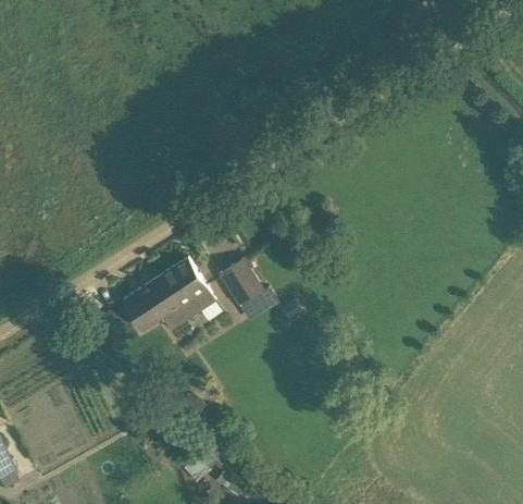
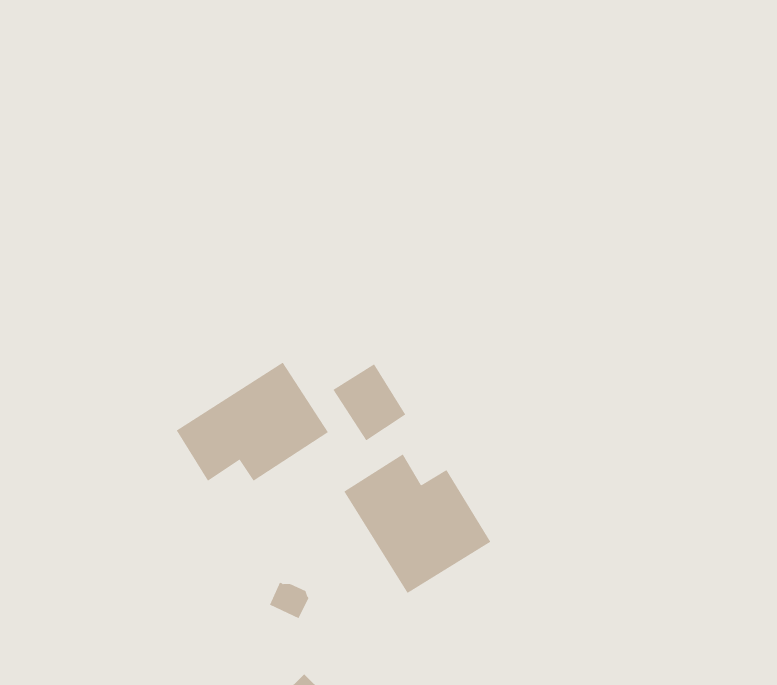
building: none -> [343,453,491,594]

